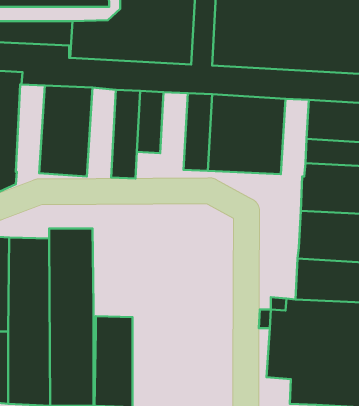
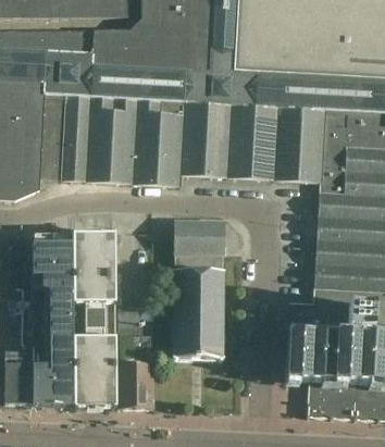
building: none -> [38,92,66,179]
building: none -> [108,96,136,184]
building: none -> [156,100,207,186]
building: none -> [298,107,325,183]
building: none -> [172,220,223,360]

